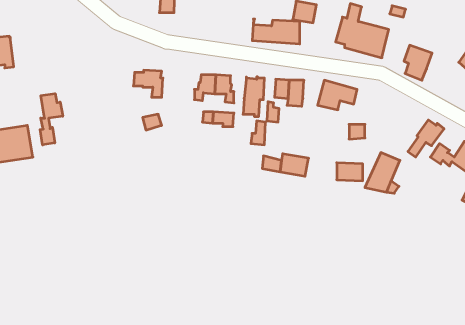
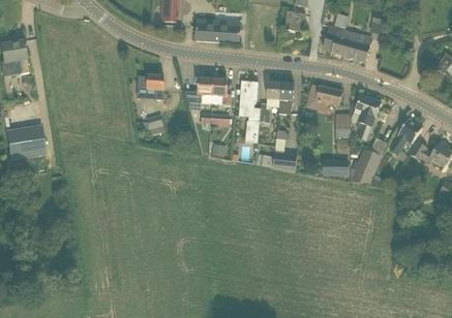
building: [252,19,300,44] -> [195,19,239,41]
building: [404,45,432,80] -> [355,94,381,126]
building: [40,94,63,145] -> none

